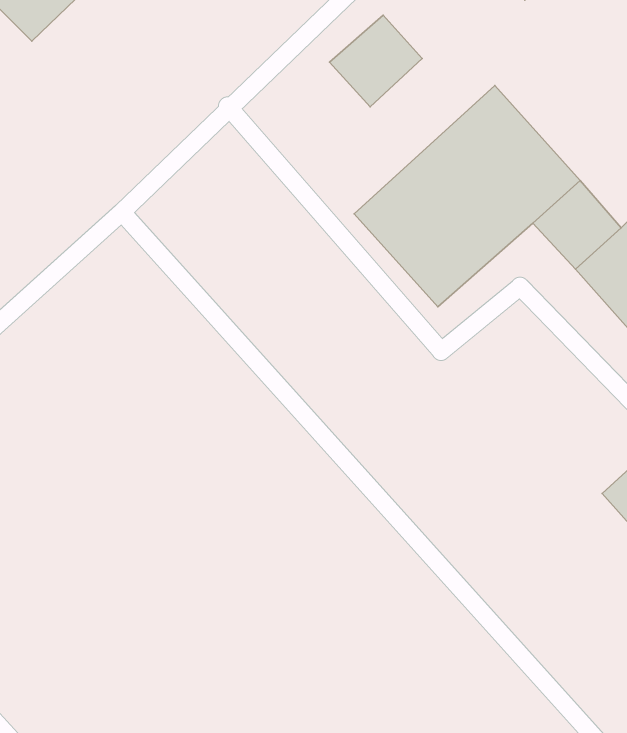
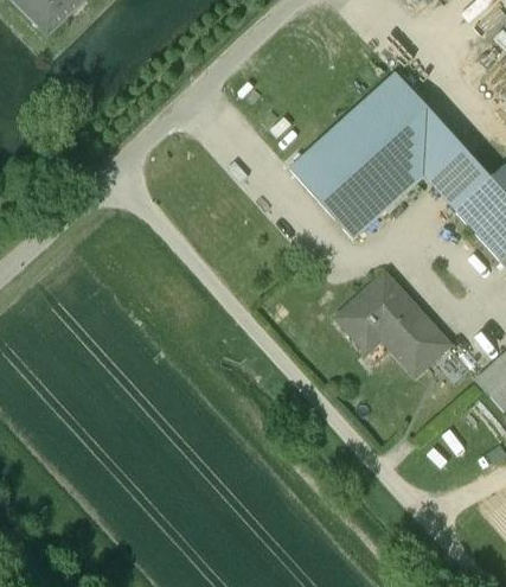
building: [330,15,422,107] -> none
building: none -> [337,272,449,374]

